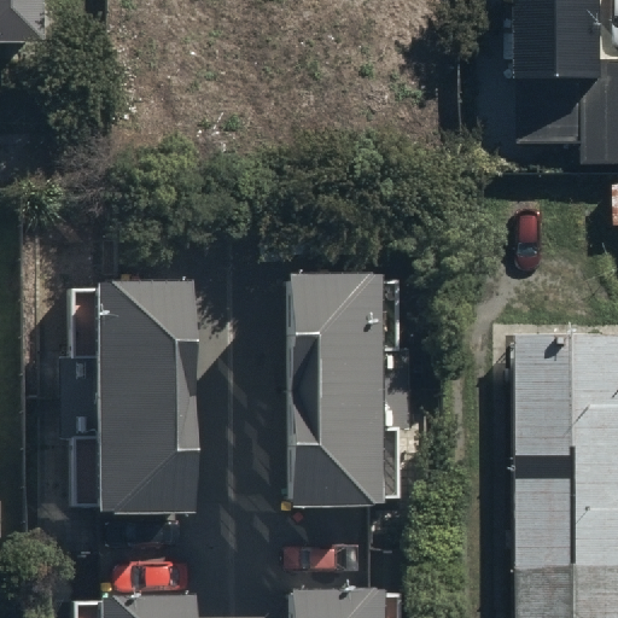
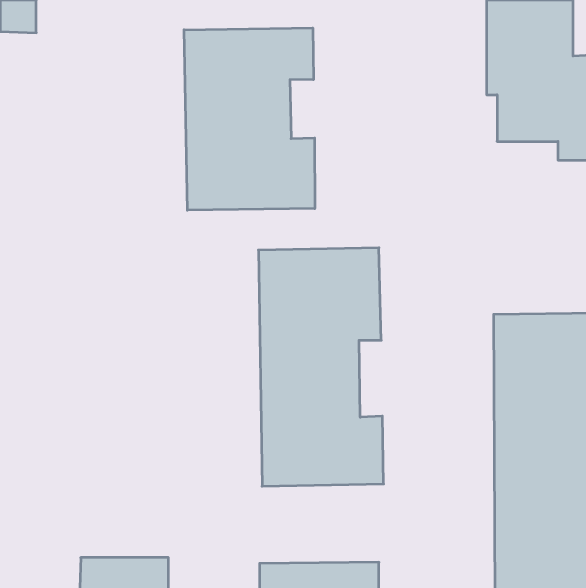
building: none -> [184,28,315,210]
building: [89,272,191,513] -> none

